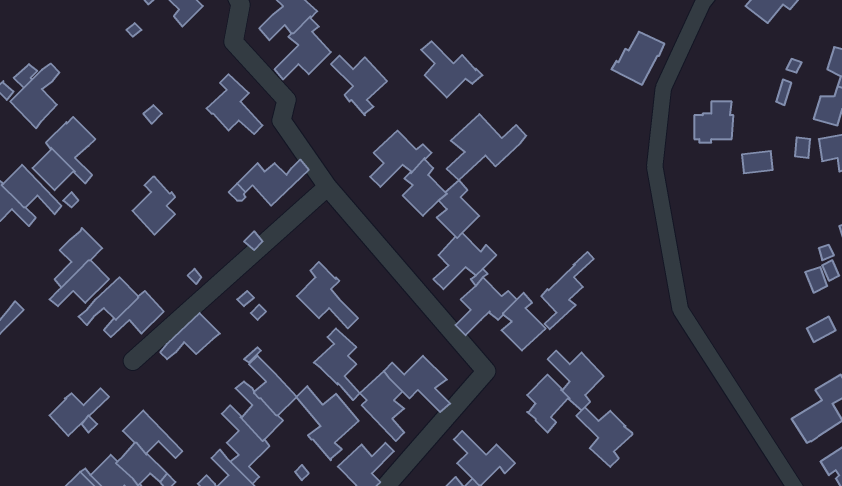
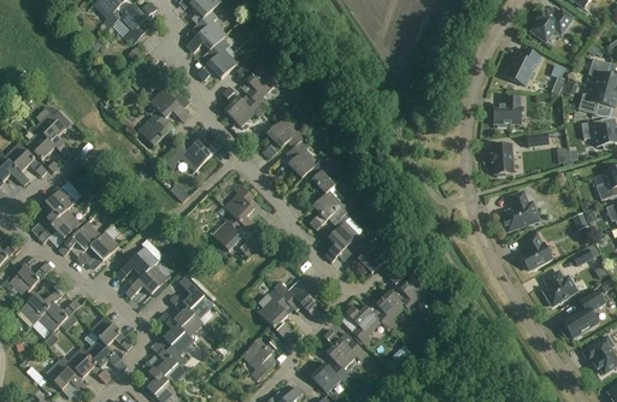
building: [611,32,664,85] -> [503,48,540,85]
building: [421,41,483,98] -> [222,87,265,126]
building: [10,64,59,128] -> none
building: [447,114,526,180] -> none
building: none -> [490,144,512,177]
building: [132,177,175,235] -> [137,106,168,147]
building: none -> [500,191,539,232]
building: [541,252,594,329] -> none
building: none -> [521,233,551,270]
building: [314,328,360,400] -> [223,183,255,233]
building: none -> [8,262,51,296]
building: none -> [124,265,166,297]
building: none -> [542,271,576,306]
building: none -> [19,290,60,324]
building: [296,386,359,460] -> none
building: [576,407,632,467] -> [341,303,381,345]

